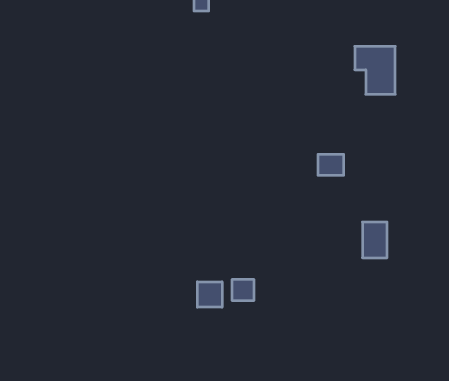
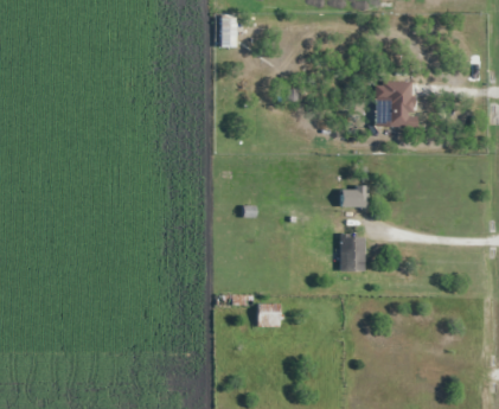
building: [362,222,387,258] -> [341,236,365,270]
building: [197,282,222,307] -> none

